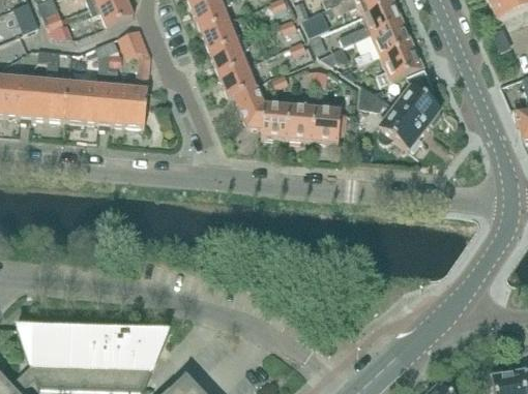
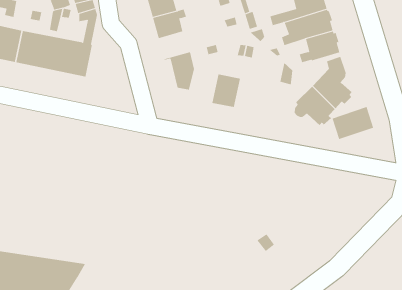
building: [218,63,255,96] -> none
building: [260,103,289,139] -> none
building: [312,108,346,143] -> none
building: none -> [332,106,374,140]

